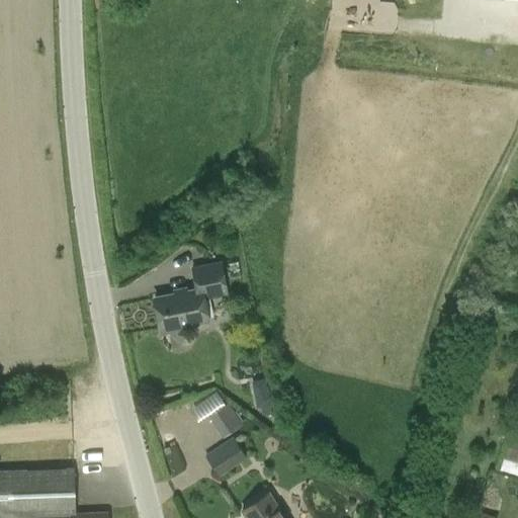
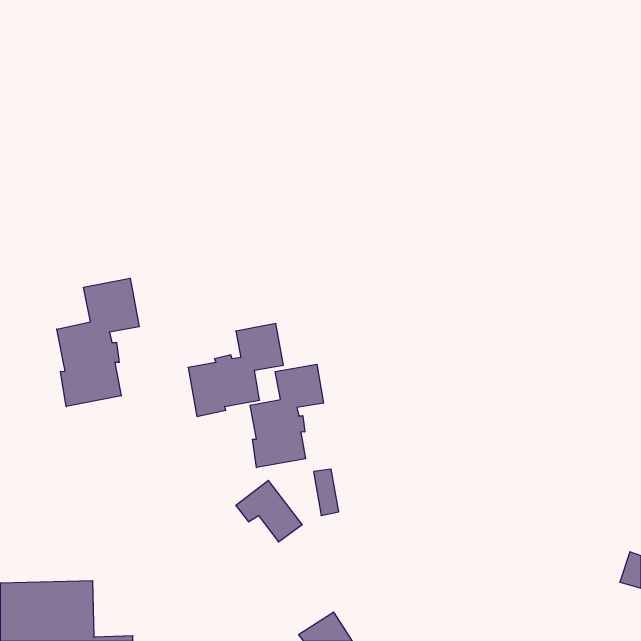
building: none -> [57,278,139,407]
building: none -> [250,364,324,468]
building: [205,438,247,478] -> none

